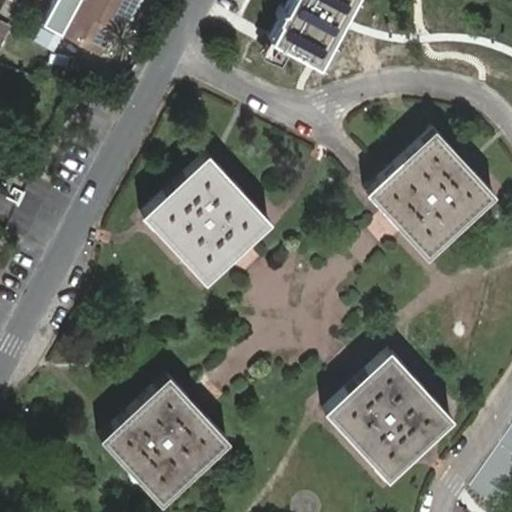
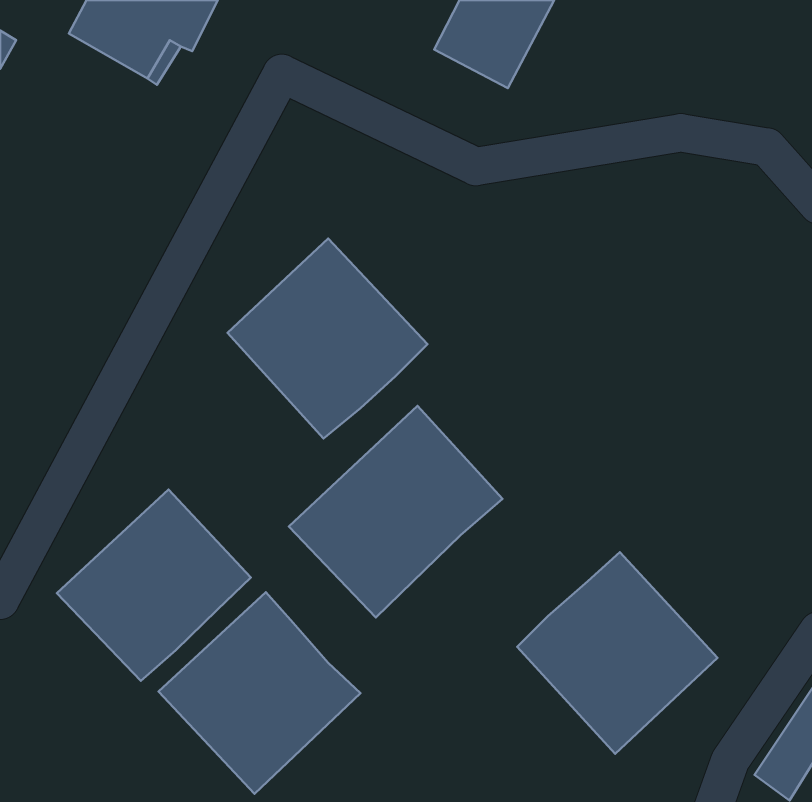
building: [369,133,495,260] -> none
building: none -> [289,406,502,618]
building: none -> [57,490,251,681]

